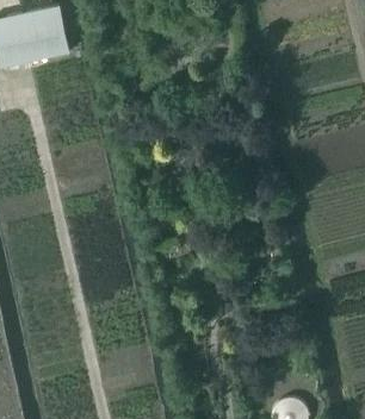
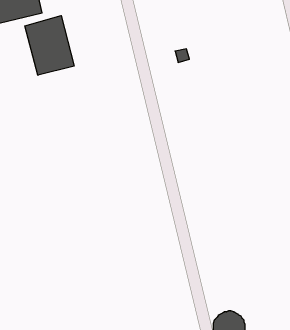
building: none -> [25,16,74,75]

